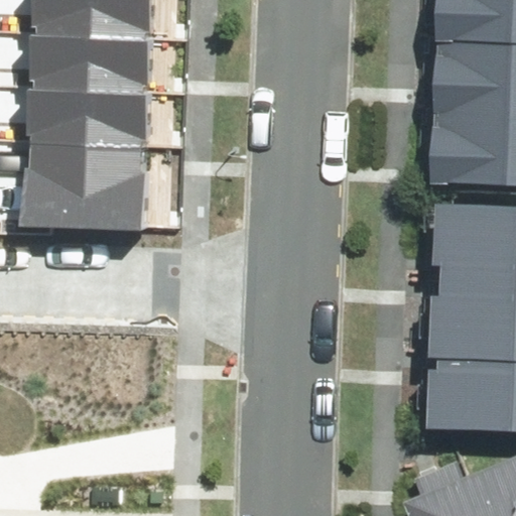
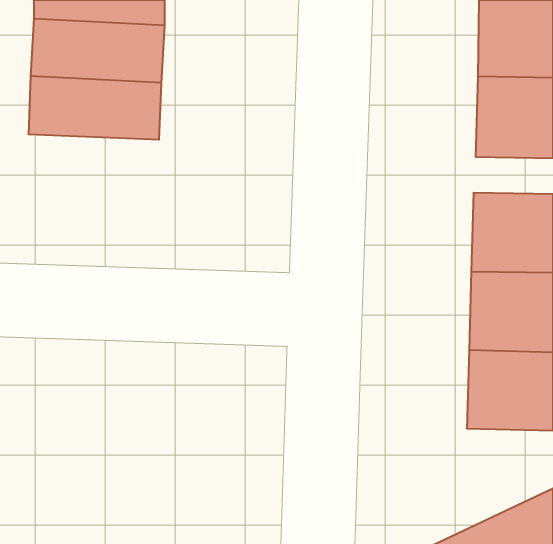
building: [22,136,147,229] -> none

